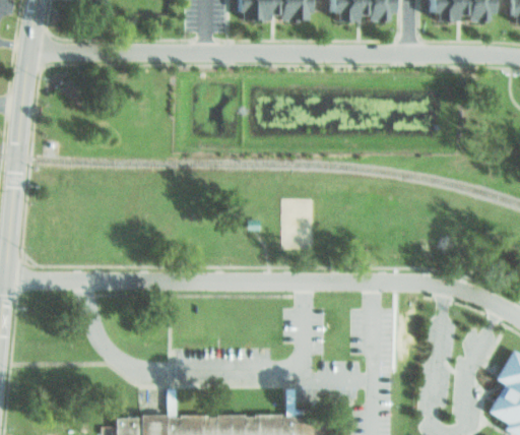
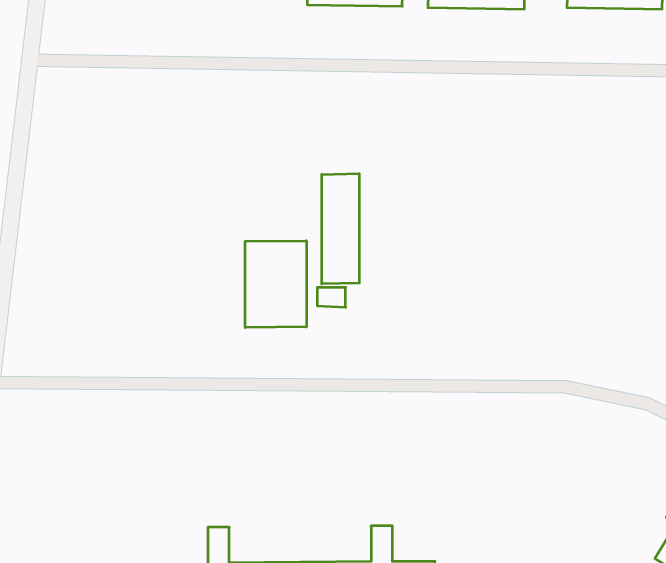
building: none -> [322,174,359,284]
building: none -> [245,241,306,328]

